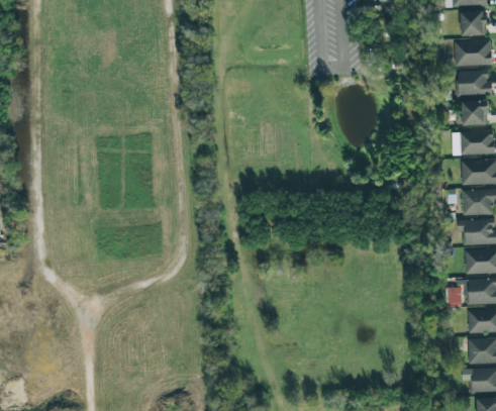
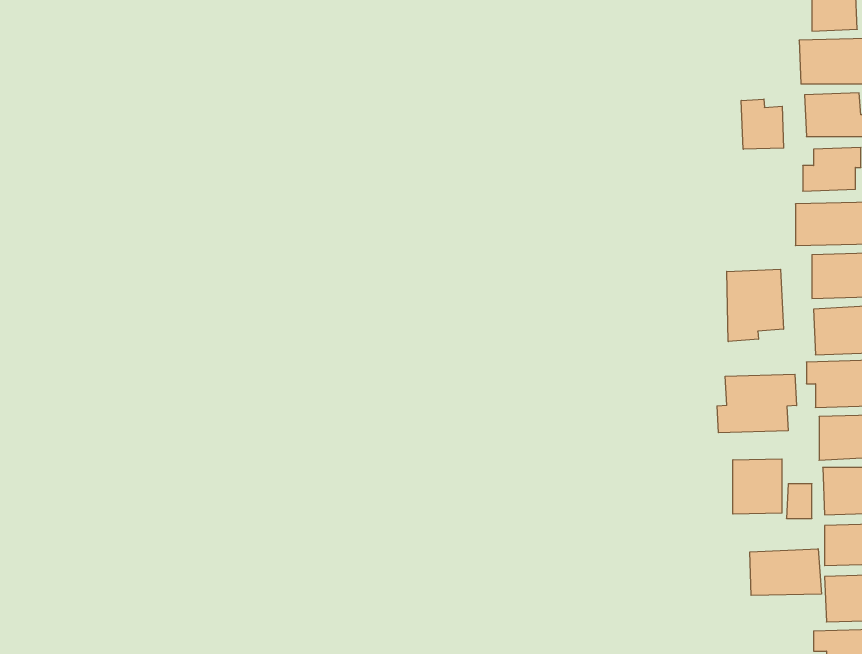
building: none -> [741,99,784,149]
building: none -> [727,269,783,342]
building: none -> [717,374,797,433]
building: none -> [733,459,782,514]
building: none -> [750,549,821,595]

